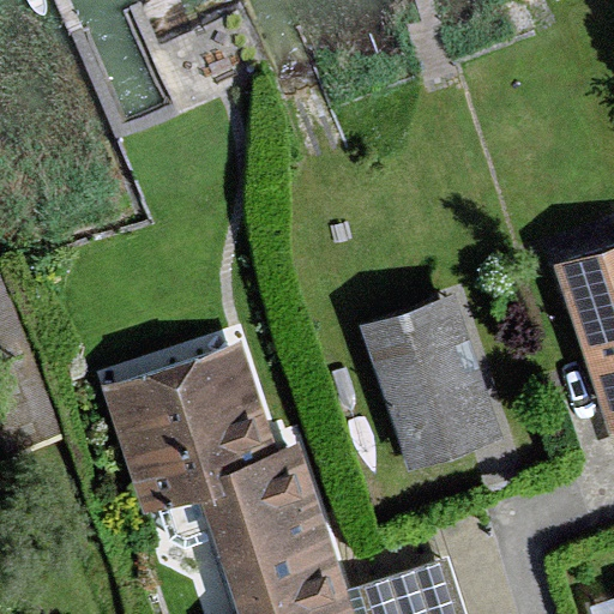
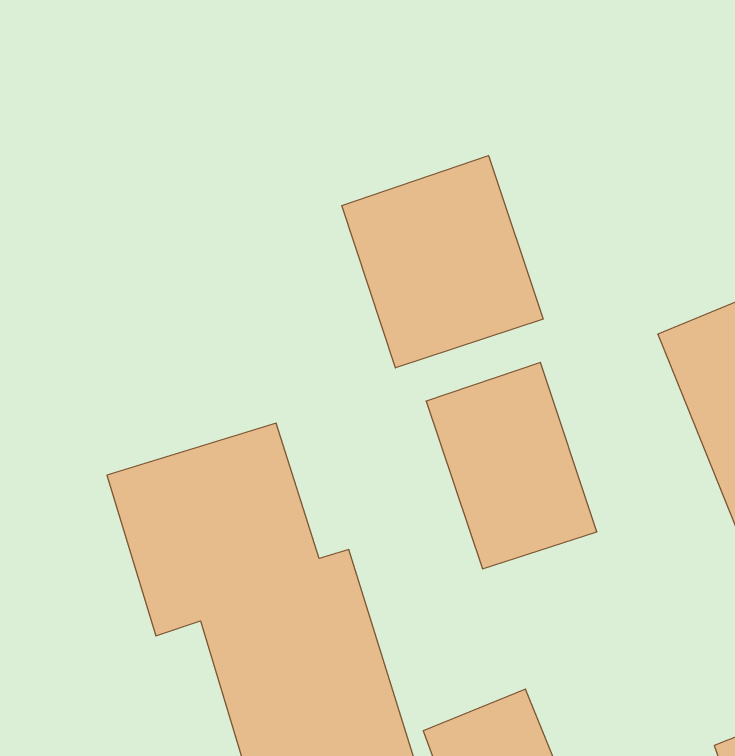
building: none -> [342,156,543,368]

